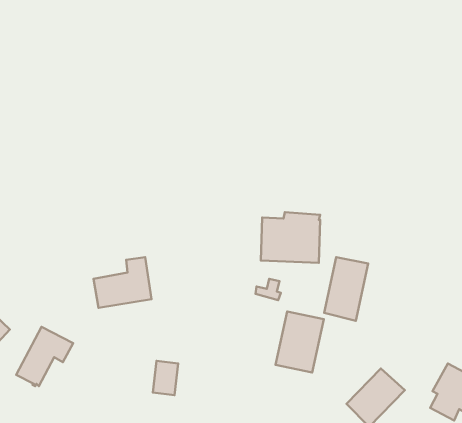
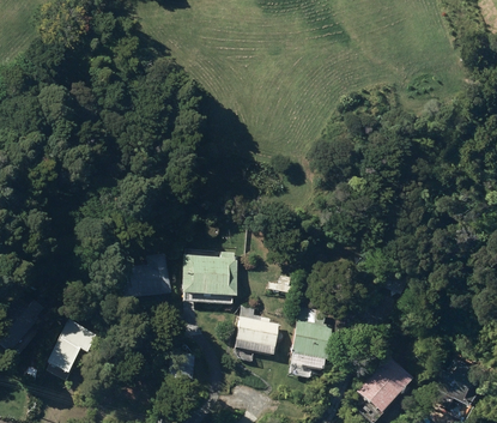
building: [261,212,320,263] -> [181,250,237,298]
building: [324,257,368,321] -> none
building: none -> [235,304,281,356]

